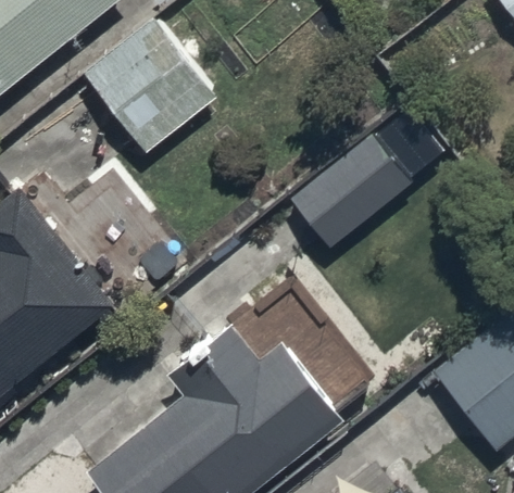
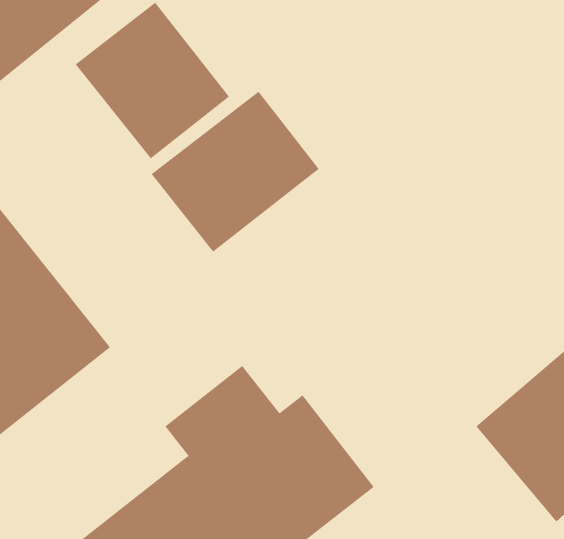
building: none -> [151,91,320,253]
building: [294,131,417,249] -> none

